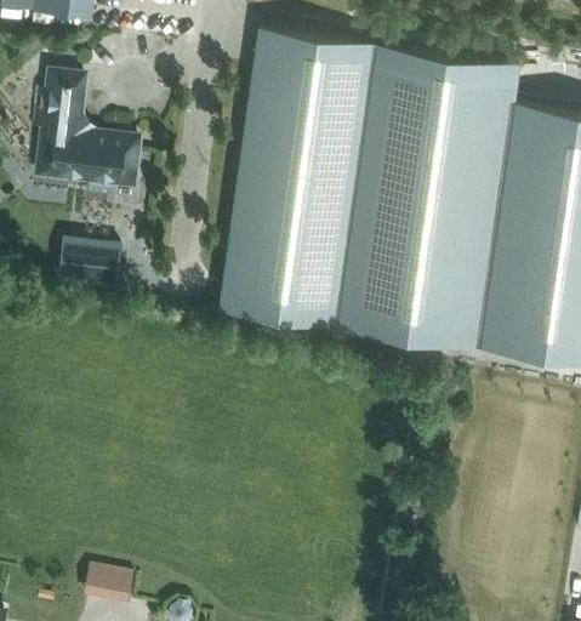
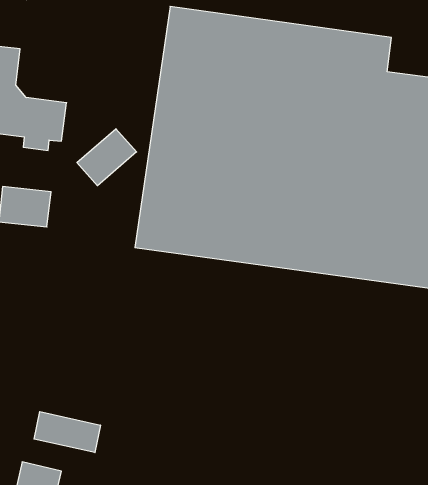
building: none -> [77,129,137,186]
building: none -> [34,412,100,453]

